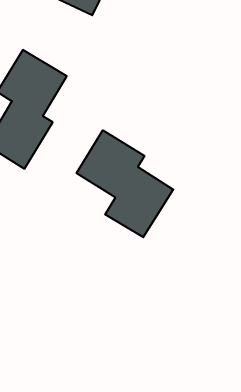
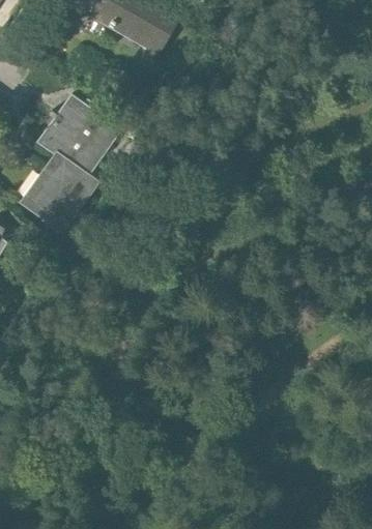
building: [77,130,173,237] -> none

